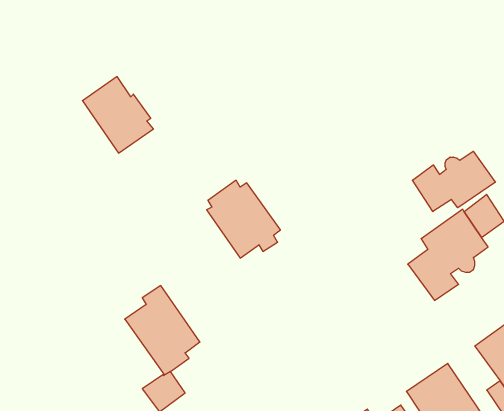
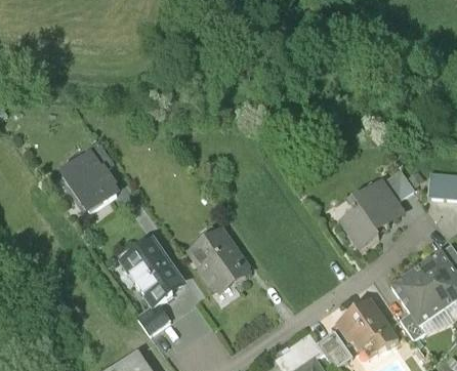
building: [82,77,153,153] -> [63,154,117,212]
building: [412,151,495,212] -> none
building: [207,180,280,258] -> [191,229,247,288]

